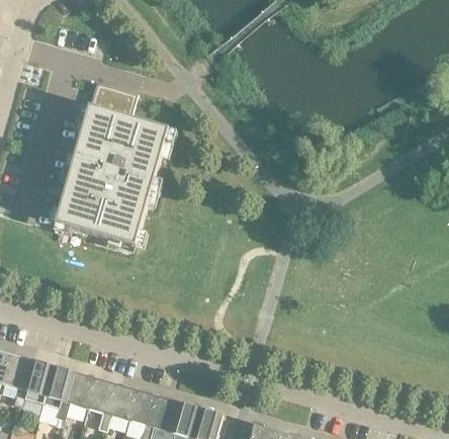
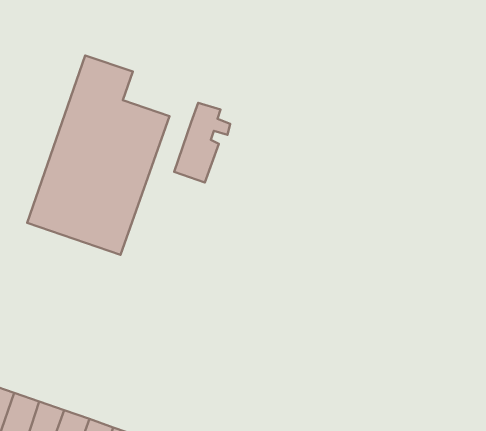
building: none -> [174,103,230,182]

